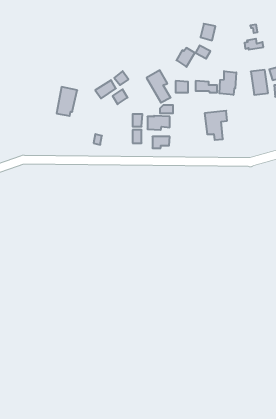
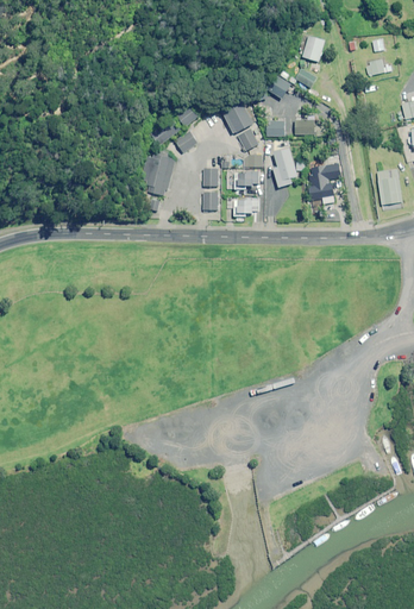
building: [251,70,268,95] -> [377,168,402,203]
building: [219,71,236,95] -> none
building: [57,87,77,116] -> [145,152,175,194]
building: none -> [274,147,297,186]

